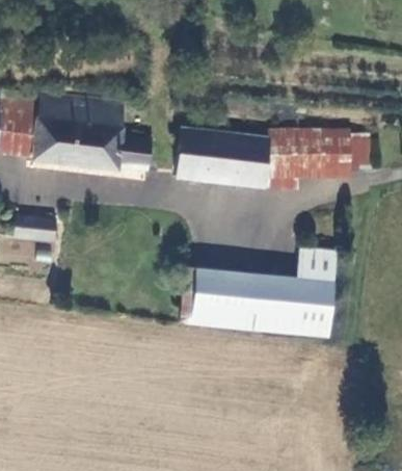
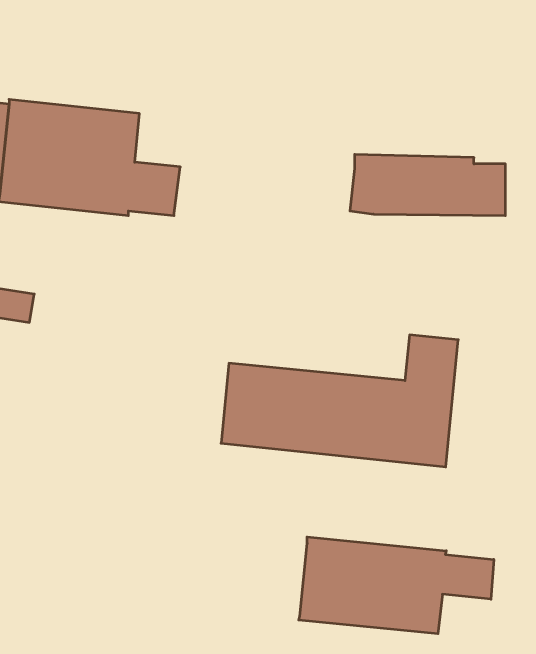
building: [177,130,282,189] -> none
building: none -> [299,537,494,634]

